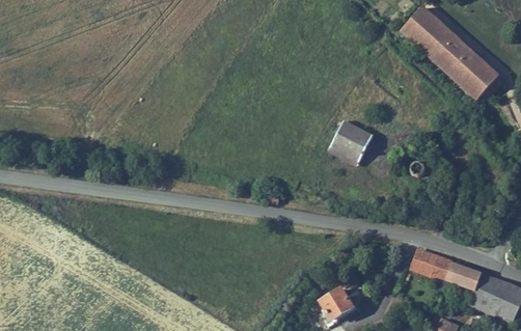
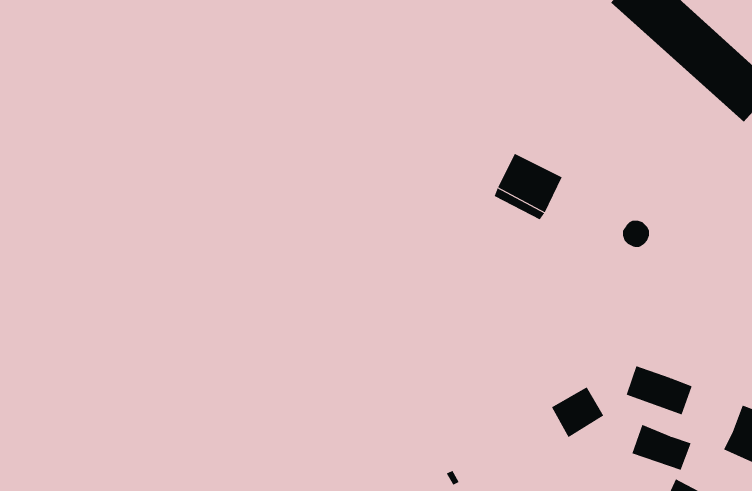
building: [444,261,481,289] -> [632,424,692,470]
building: [320,288,352,320] -> [551,387,604,438]

